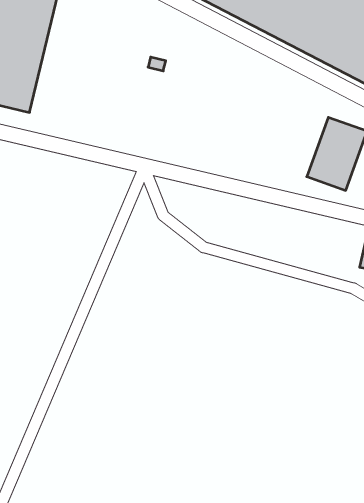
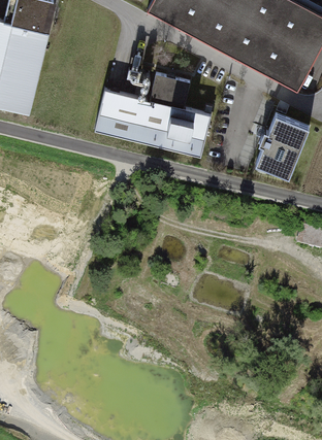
building: none -> [93,72,211,158]

